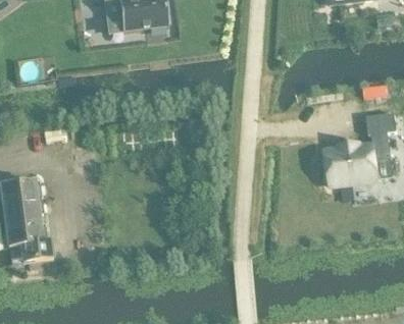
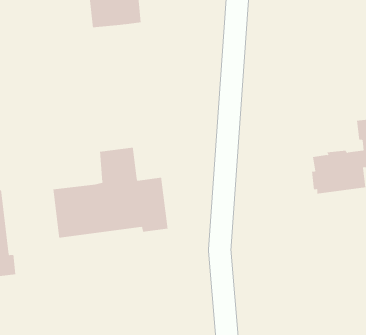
building: none -> [53,147,168,238]

